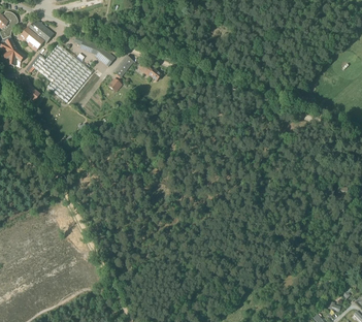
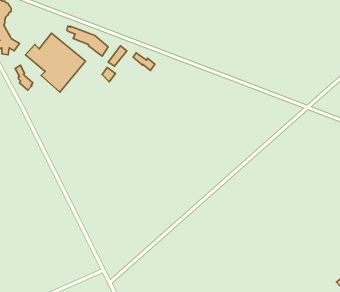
building: [20,19,54,49] -> none

